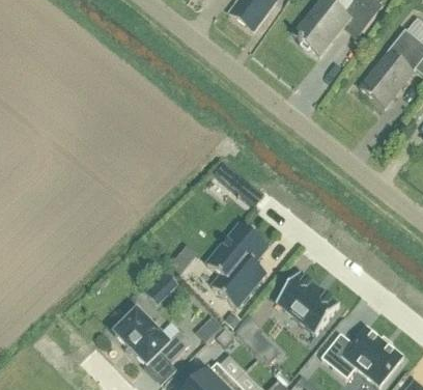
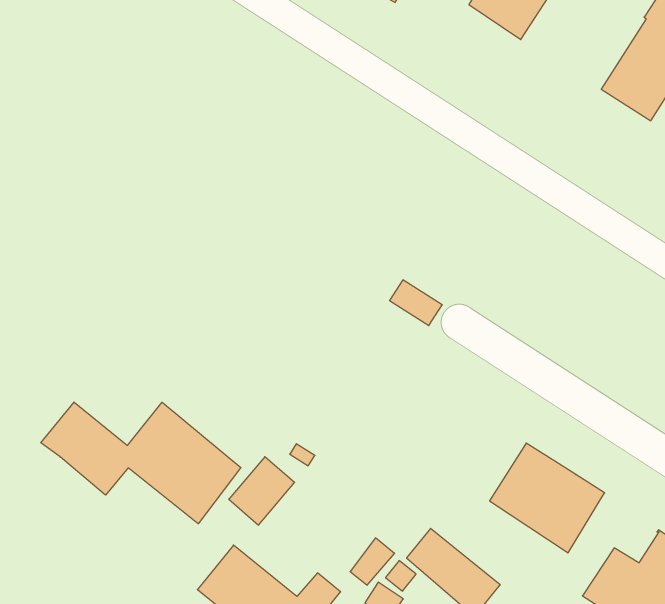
building: [207,222,267,305] -> none
building: none -> [41,402,241,524]

